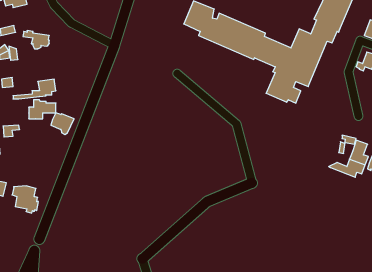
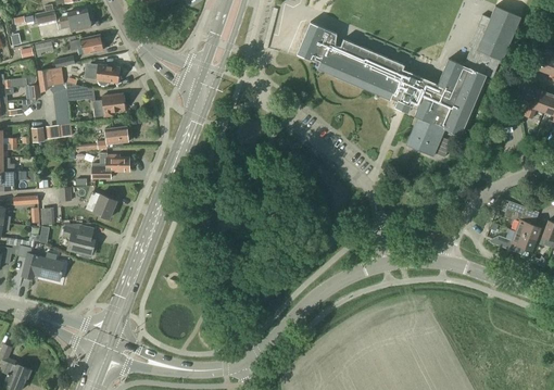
building: none -> [68,36,104,54]
building: none -> [92,95,124,117]
building: [51,113,74,134] -> [86,192,116,221]
building: [12,186,38,213] -> [62,224,97,260]

